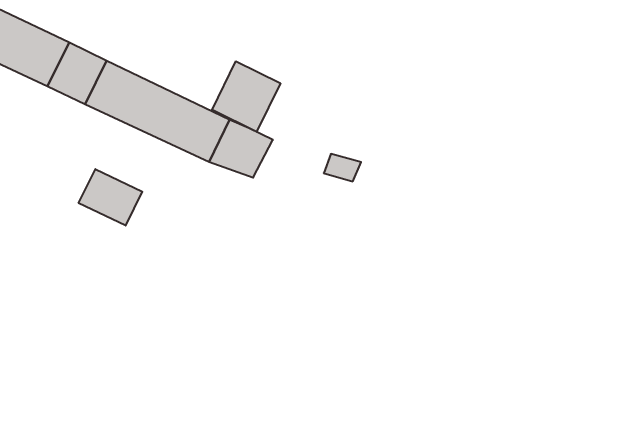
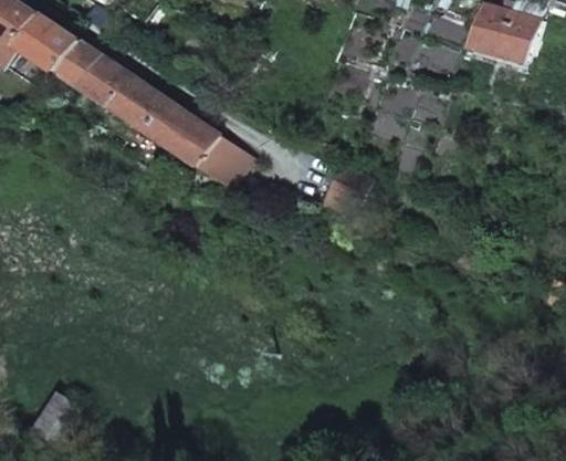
building: [212,61,280,132] -> none
building: [79,169,142,226] -> none

